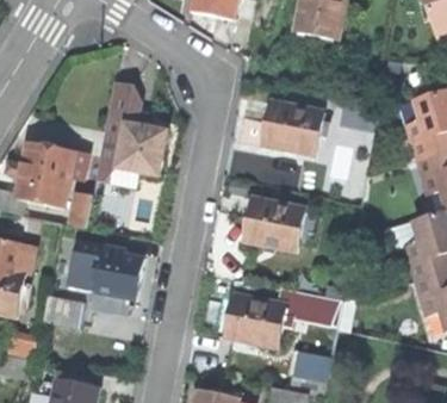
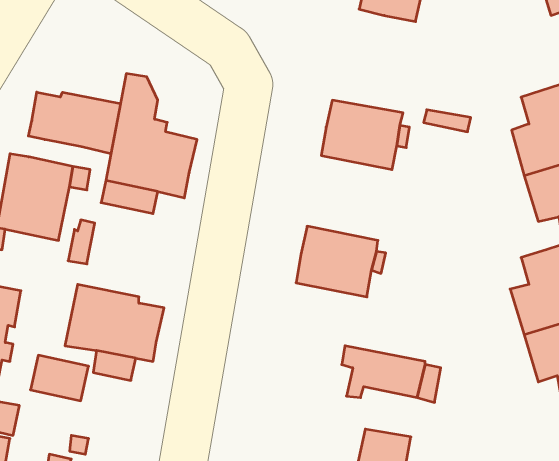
building: none -> [28,92,121,154]
building: [224,291,287,346] -> none

